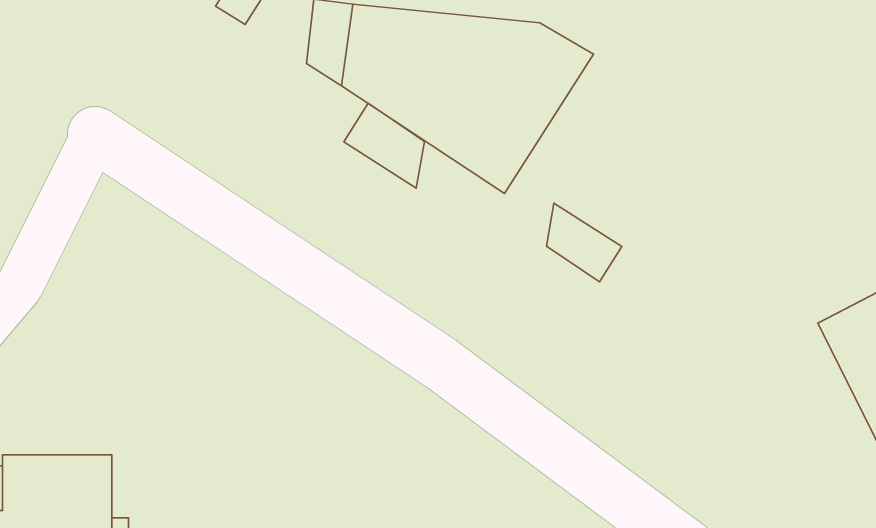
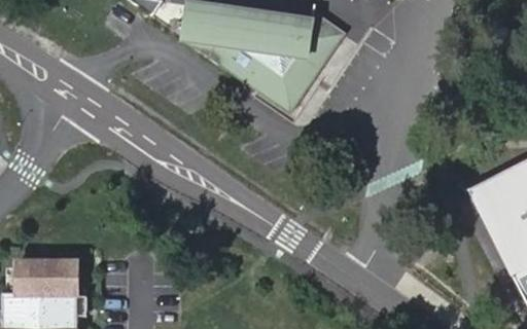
building: [344,103,425,188] -> none
building: [546,203,622,282] -> none

